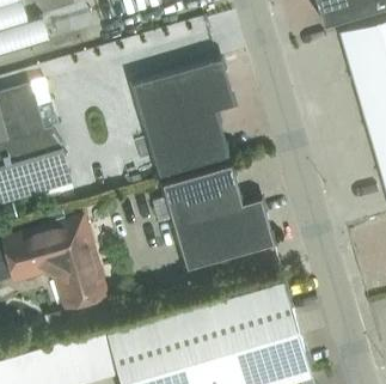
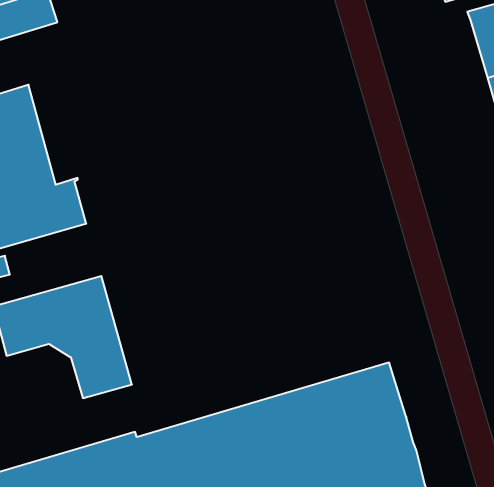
building: [133,61,233,177] -> none
building: [163,166,274,272] -> none

